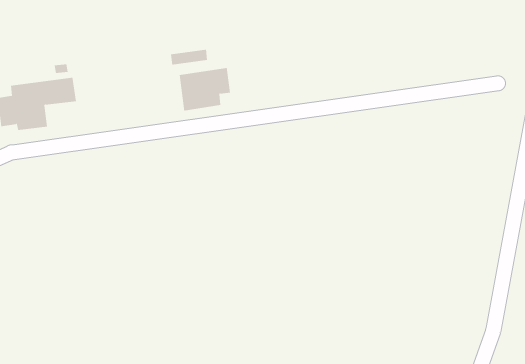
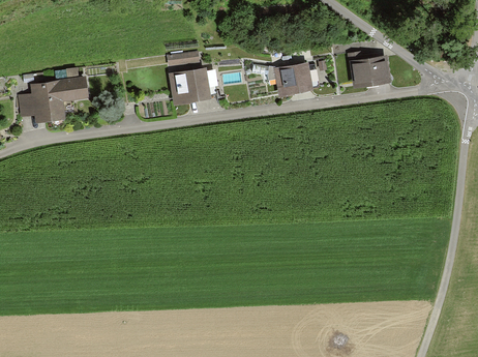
building: none -> [350,49,389,87]
building: none -> [273,61,312,96]

